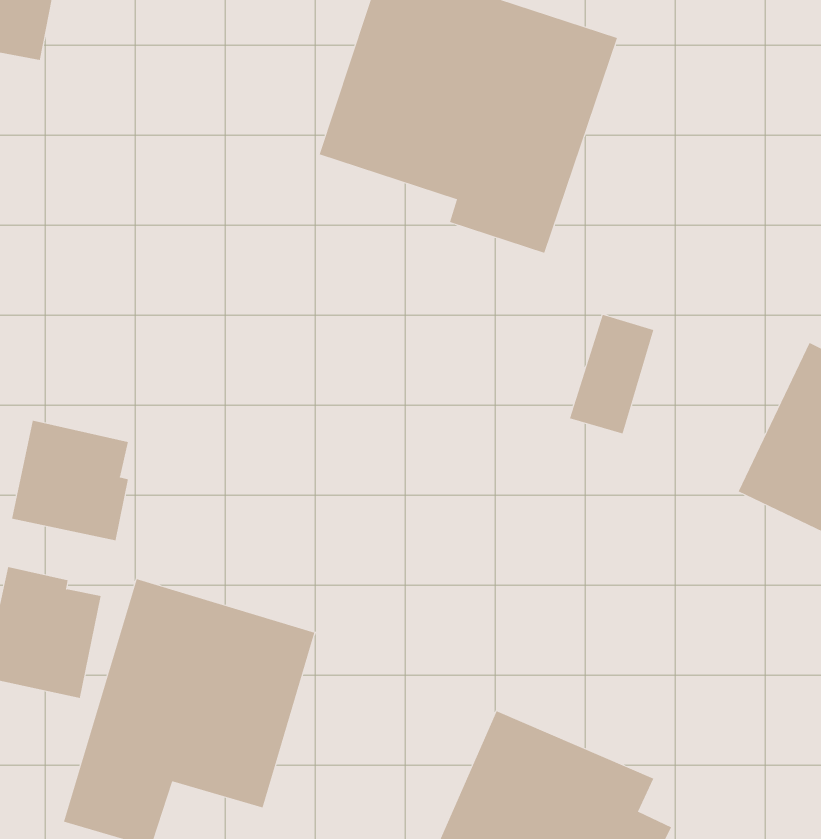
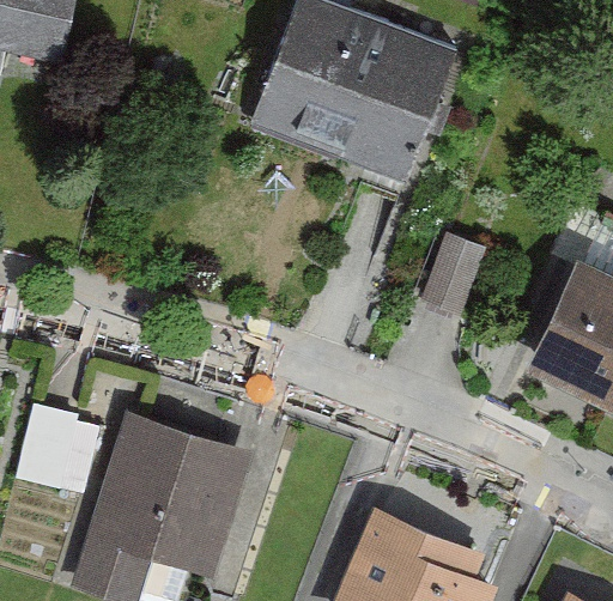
building: [11,420,129,541] -> none

